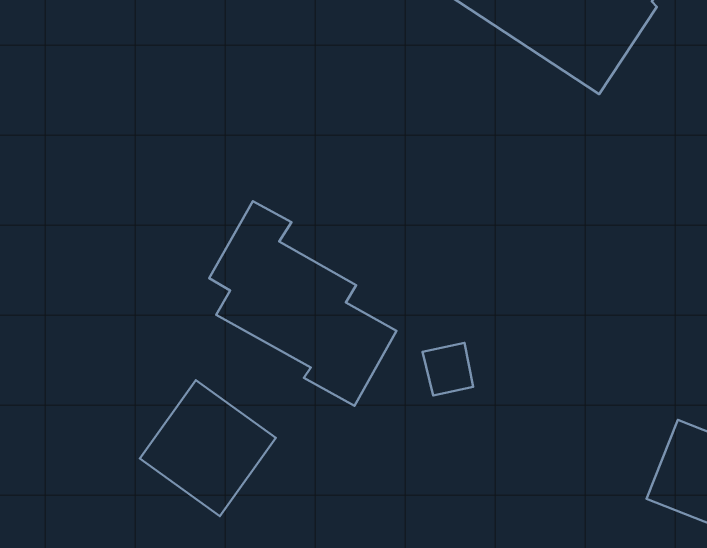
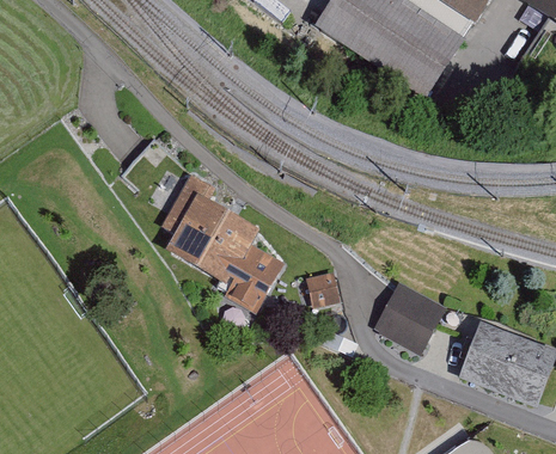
building: none -> [372,278,446,351]
building: [140,380,276,516] -> none

